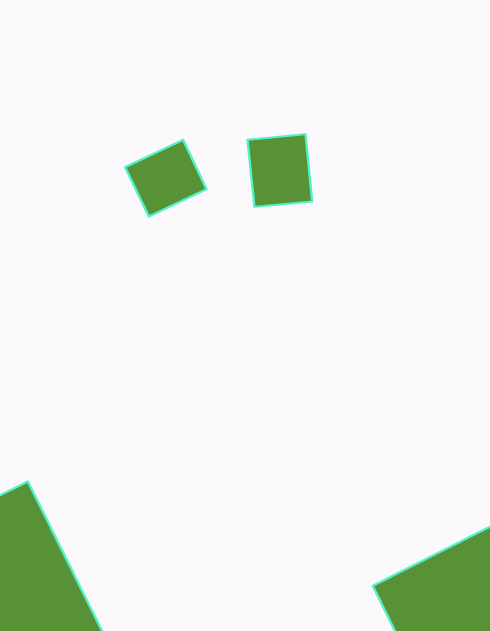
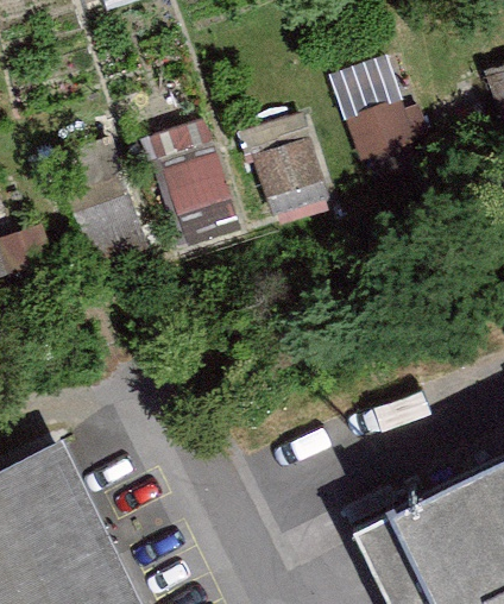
building: none -> [330,56,411,161]

